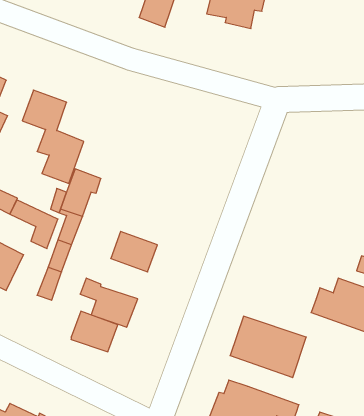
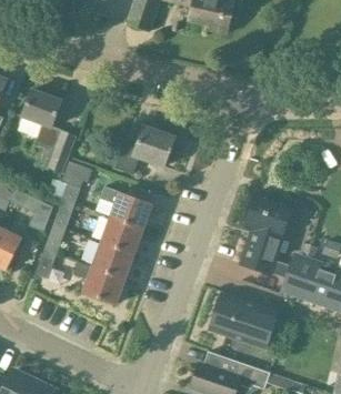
building: none -> [116,125,174,174]
building: none -> [101,185,152,229]
building: none -> [242,192,307,277]
building: [71,311,118,352] -> [92,241,134,277]

